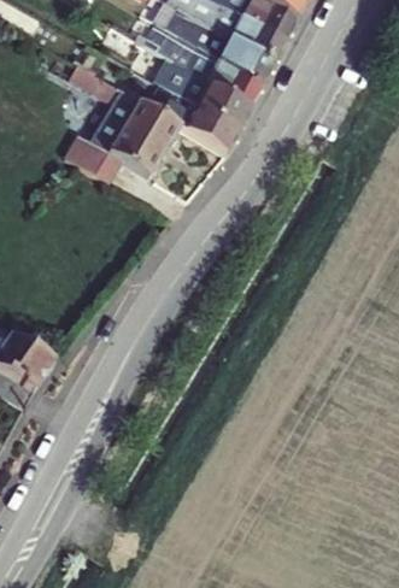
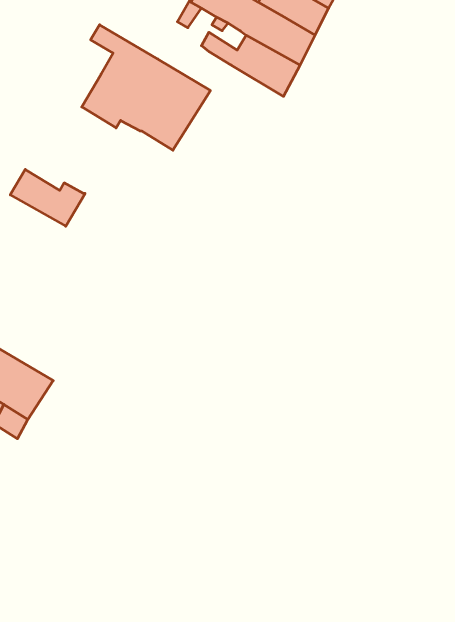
building: [136,88,237,152] -> none
building: [63,137,123,183] -> [10,169,85,226]

